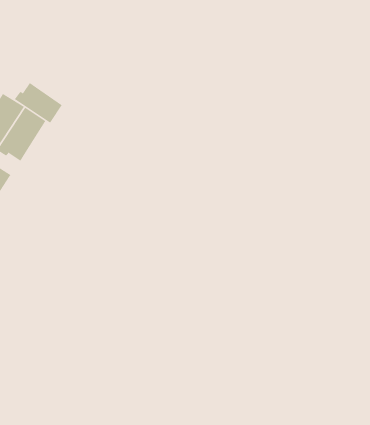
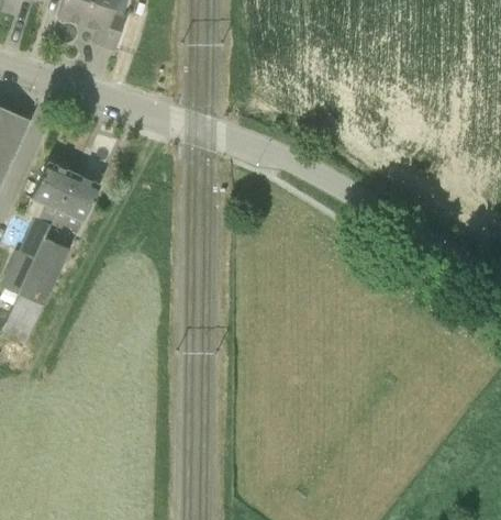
building: [14,82,62,124] -> none

